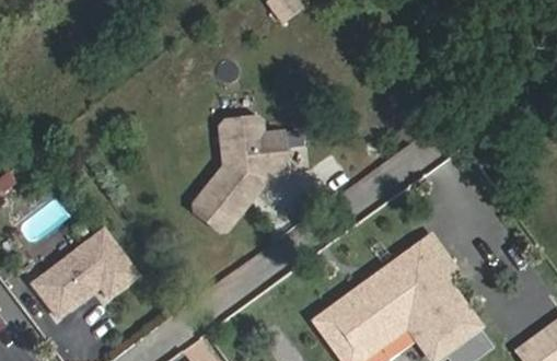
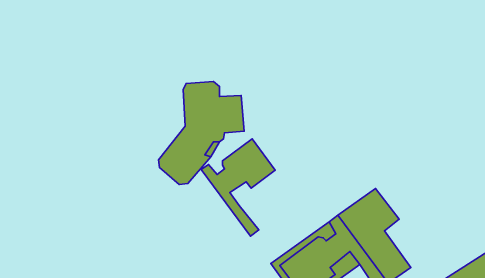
building: none -> [201,139,275,236]
building: [32,229,138,315] -> none

